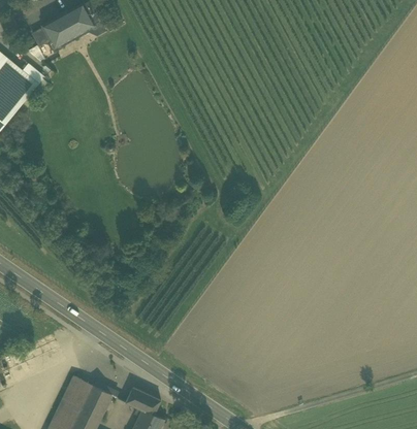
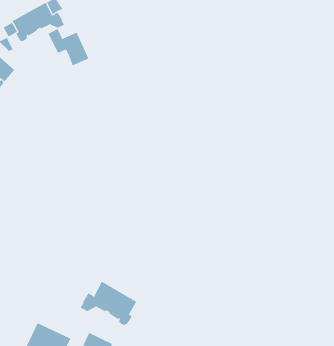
building: none -> [48,28,89,66]
building: none -> [80,281,137,326]

